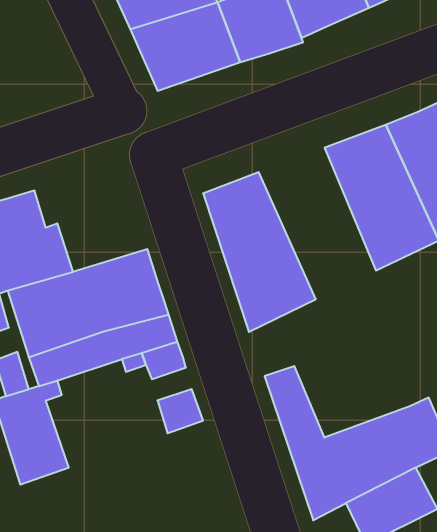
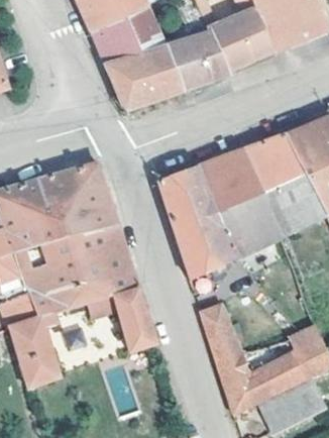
building: none -> [196,149,279,256]
building: none -> [37,161,117,237]

